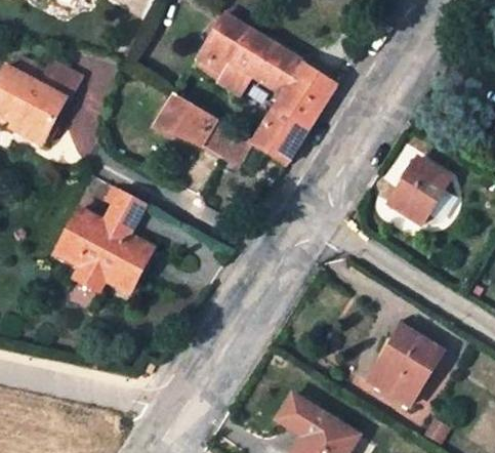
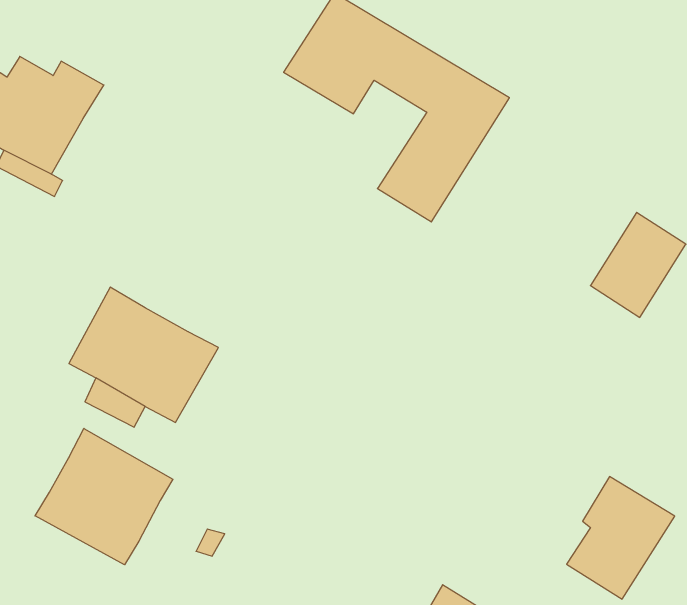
building: [154,95,252,165] -> none
building: [102,186,148,233] -> none
building: none -> [35,428,173,565]

